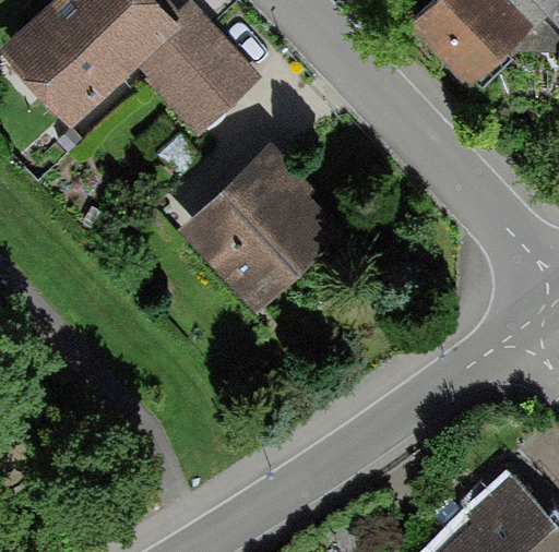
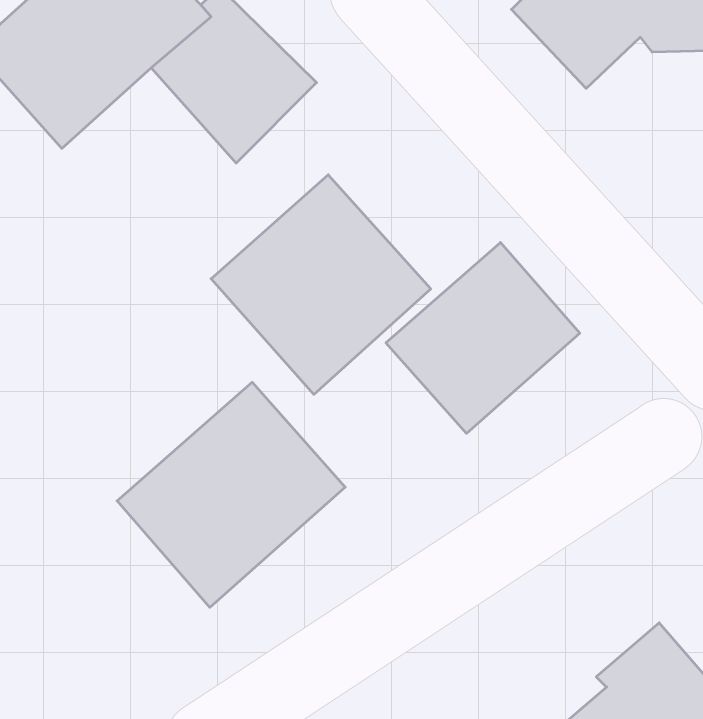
building: none -> [386,242,580,433]
building: none -> [117,382,345,607]

